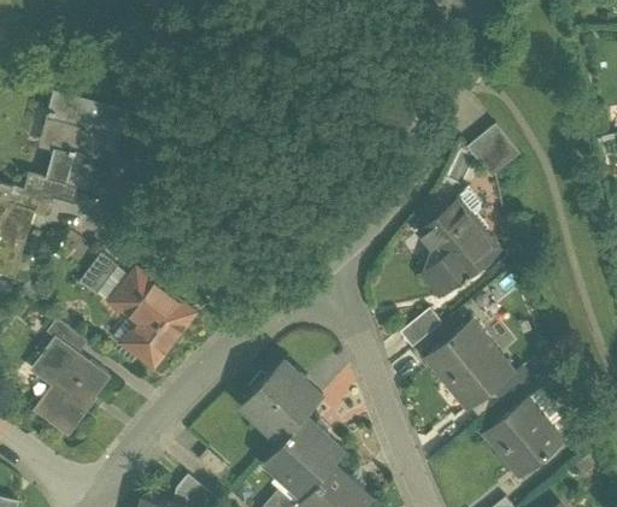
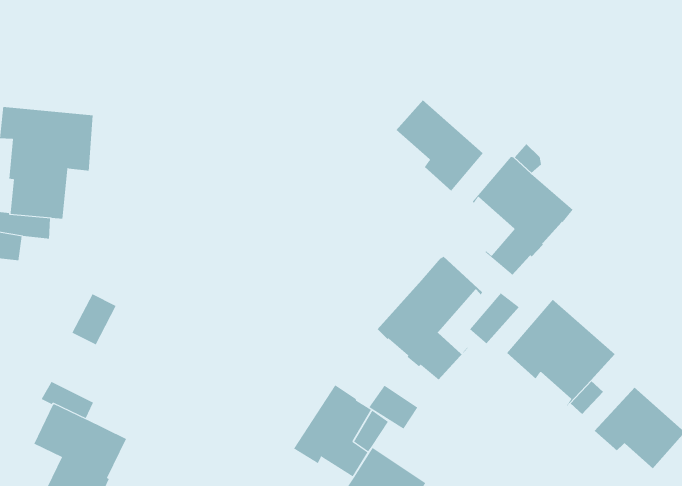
building: [466,125,519,178] -> none
building: none -> [395,100,483,191]
building: [110,269,194,367] -> none
building: none -> [377,256,483,381]
building: none -> [368,385,418,429]

